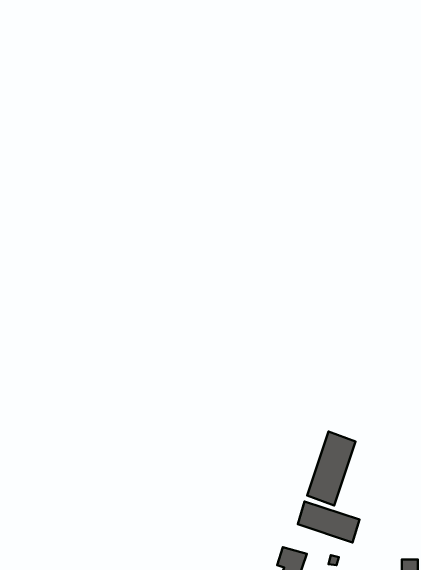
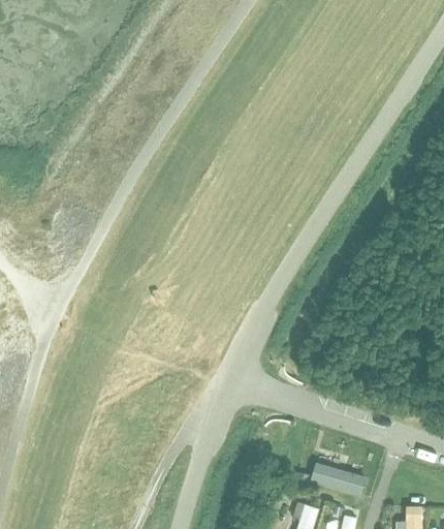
building: [307,432,355,505] -> none

